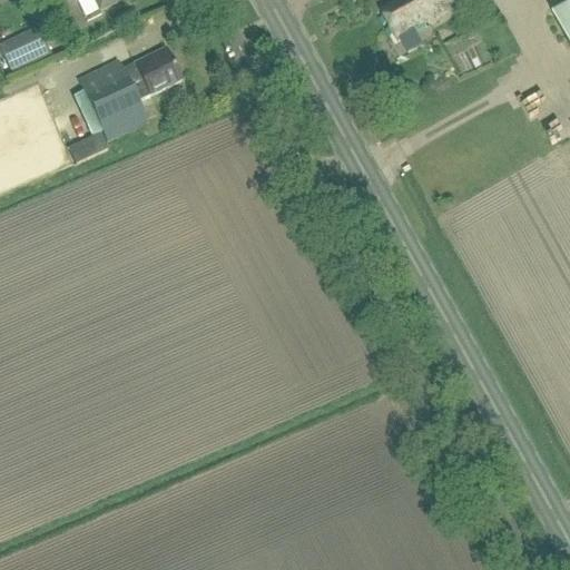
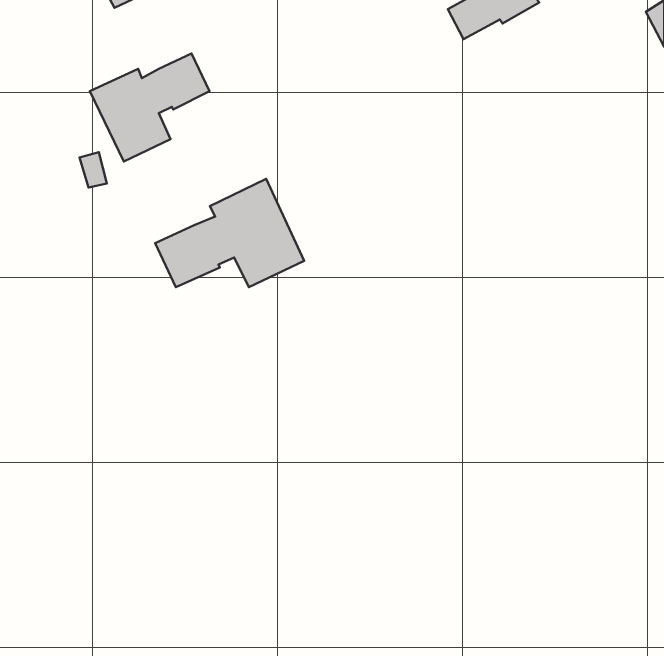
building: [9,26,52,65] -> none
building: none -> [155,179,304,287]

